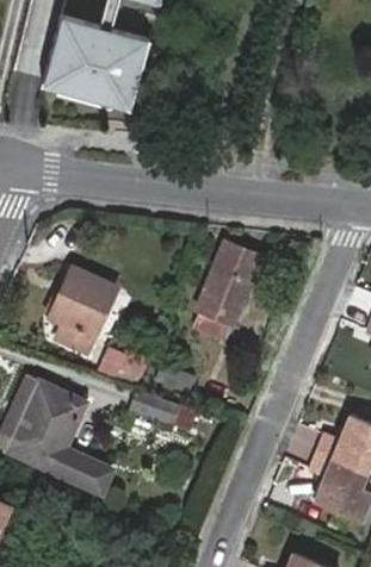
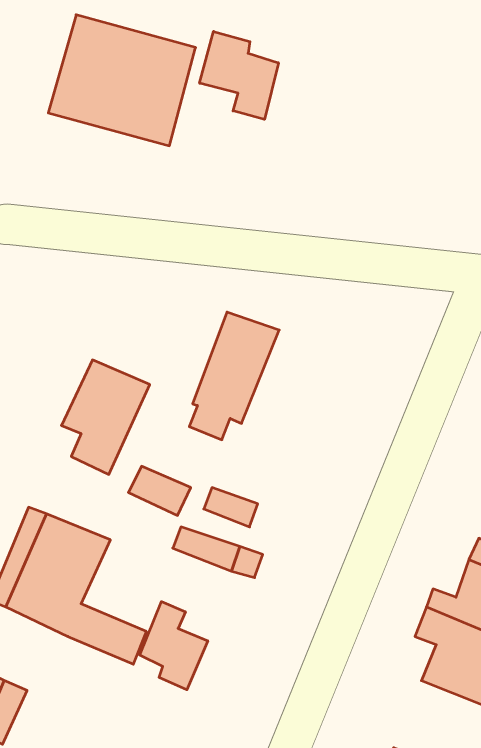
building: none -> [200,31,278,119]
building: [196,243,261,336] -> [189,312,279,440]
building: none -> [140,602,208,690]

